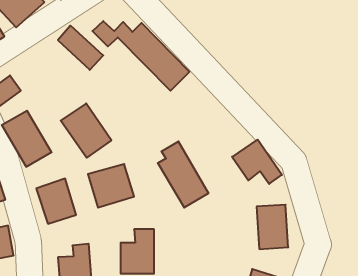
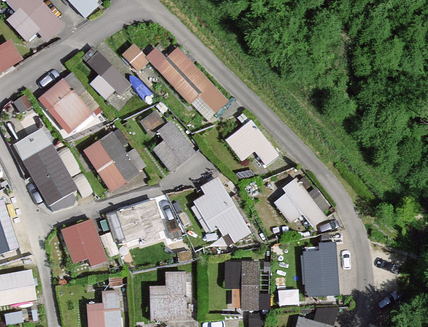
building: none -> [40,79,93,134]
building: none -> [221,117,279,167]
building: none -> [145,121,195,172]
building: none -> [224,261,260,311]

